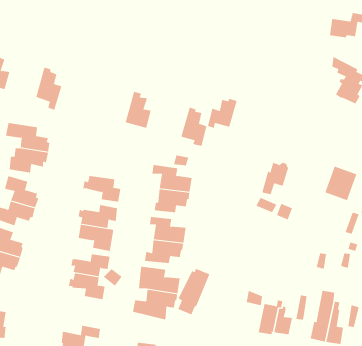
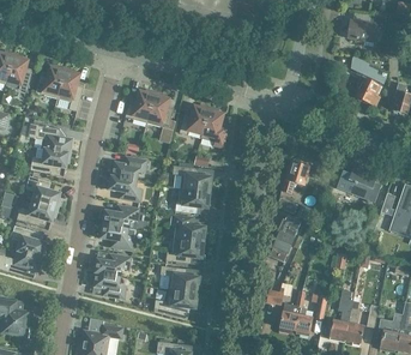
building: none -> [36,65,66,97]
building: none -> [125,90,155,122]
building: [207,98,237,131] -> [180,104,210,137]
building: none -> [110,156,147,179]
building: [177,268,210,315] -> [268,215,301,261]

